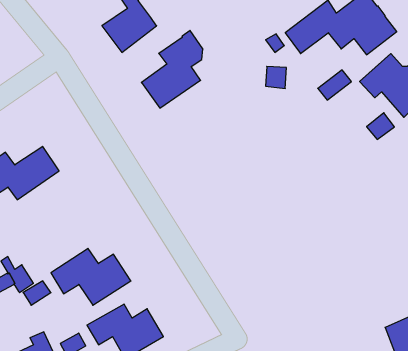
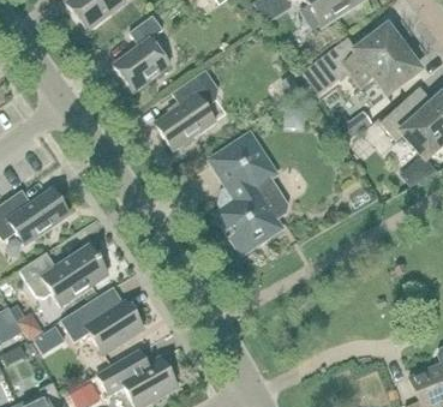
building: none -> [209,132,285,253]
building: none -> [19,245,108,305]

